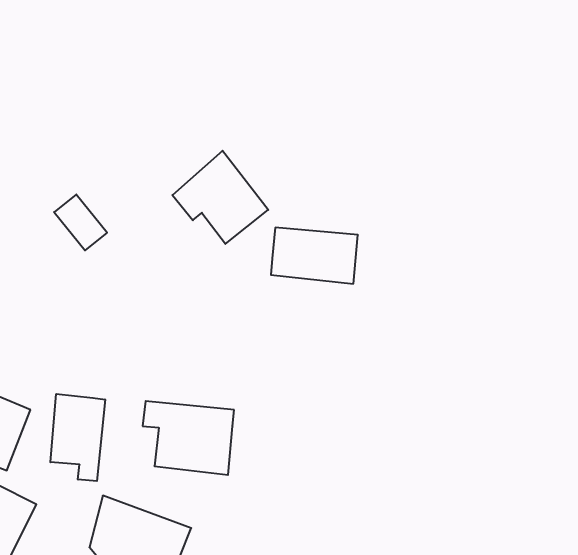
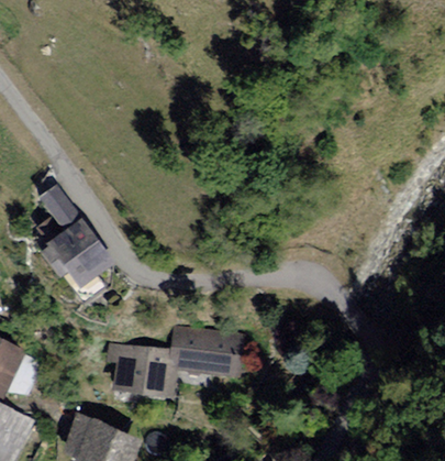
building: [172,151,268,244] -> [48,223,120,293]
building: [271,228,358,284] -> [174,327,238,369]
building: [50,394,105,481] -> none

